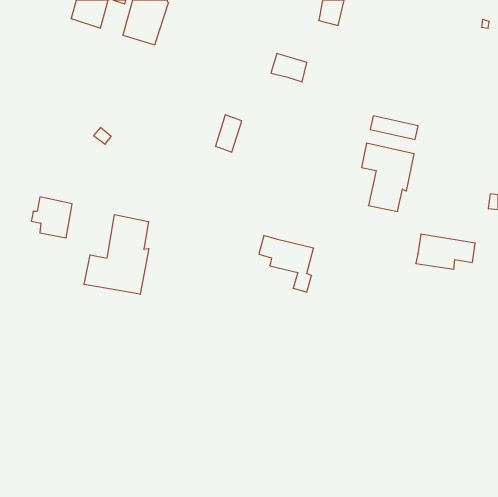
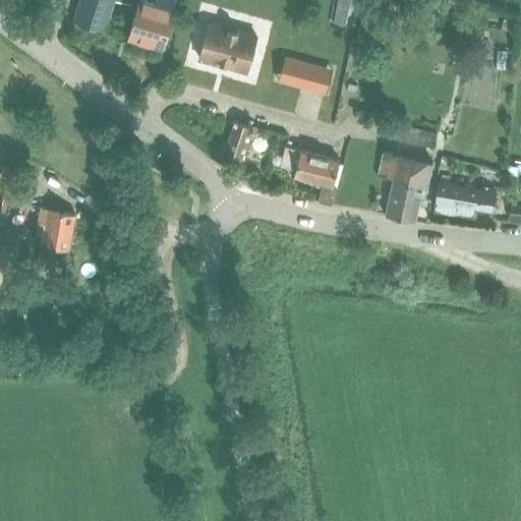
building: none -> [199,22,256,71]
building: [84,215,149,294] -> none
building: [416,234,475,269] -> [433,183,496,220]
building: [259,236,314,292] -> [282,147,339,206]

